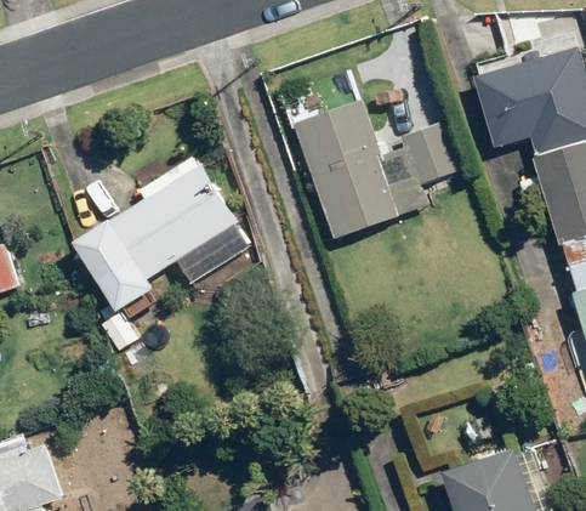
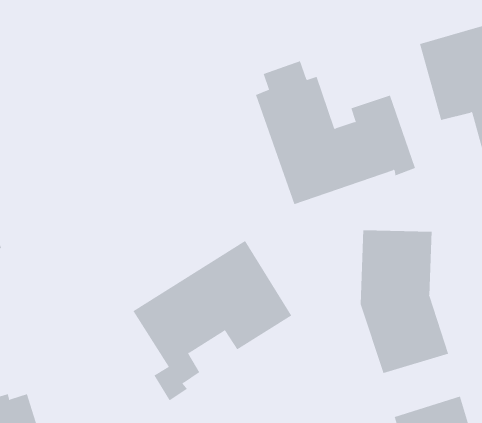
building: [75,164,250,340] -> [132,240,292,401]
building: none -> [360,229,449,374]

